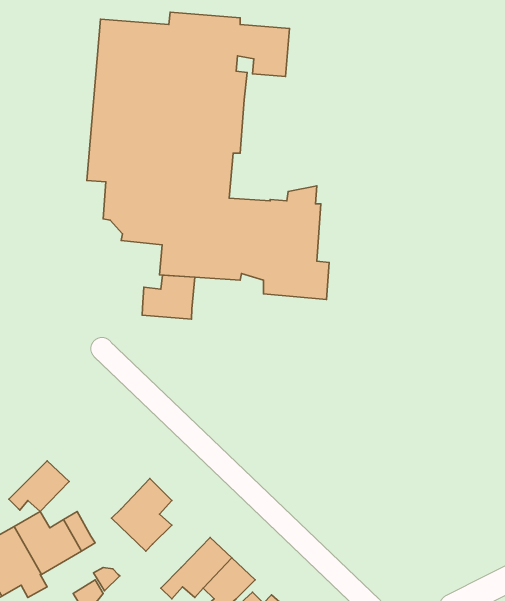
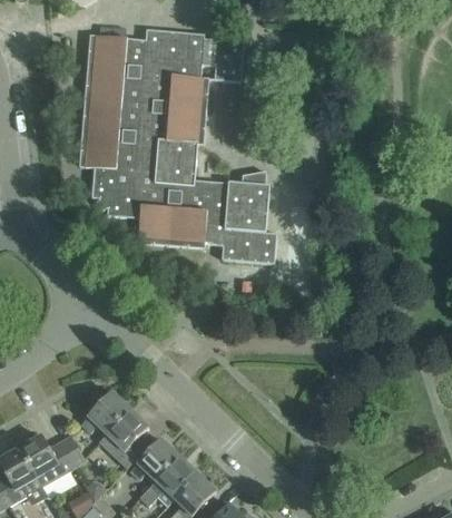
building: [142,275,195,319] -> none
building: [9,461,69,511] -> [81,392,130,433]
building: none -> [130,439,179,481]

